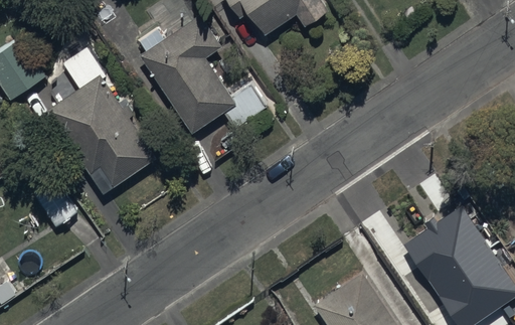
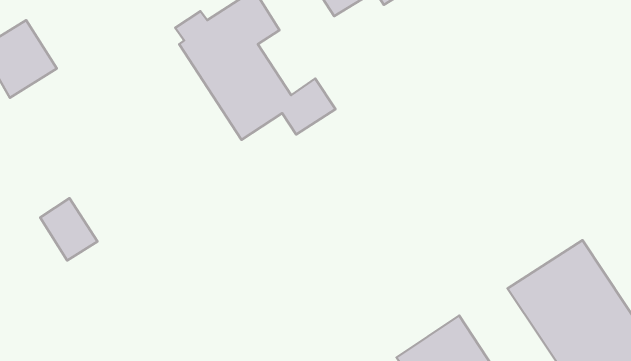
building: [48,74,155,185] -> none

